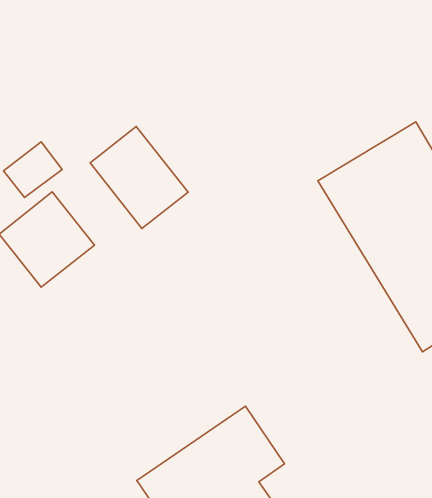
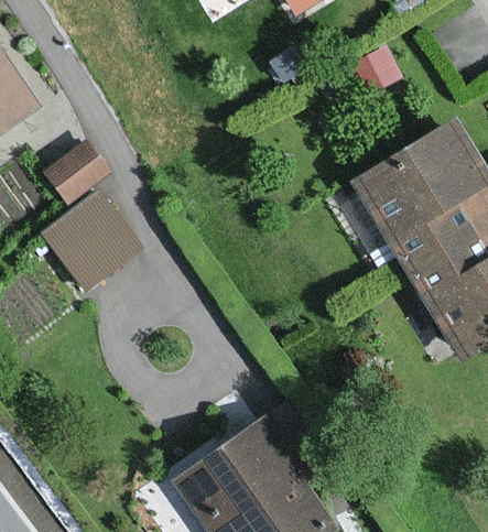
building: [90,127,188,229] -> none

